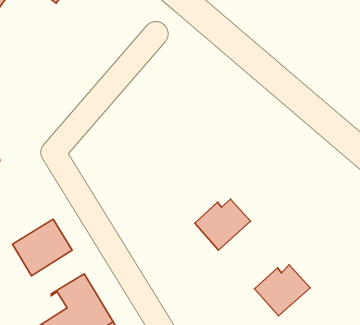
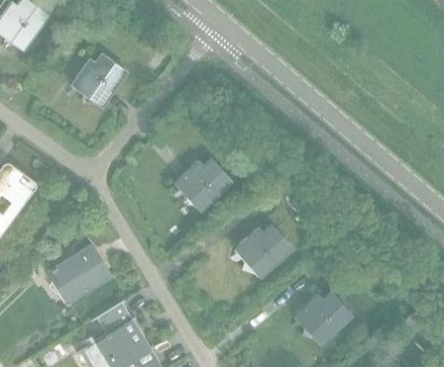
building: none -> [72,55,126,106]
building: none -> [175,159,231,209]

